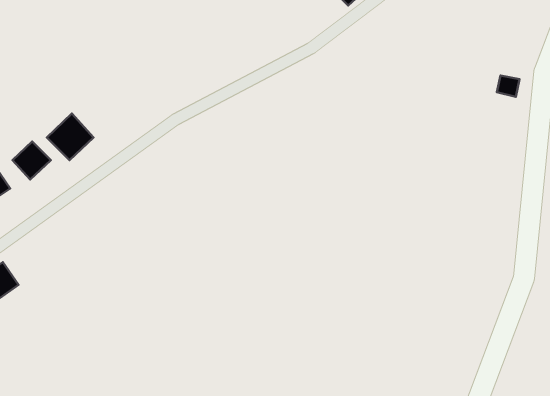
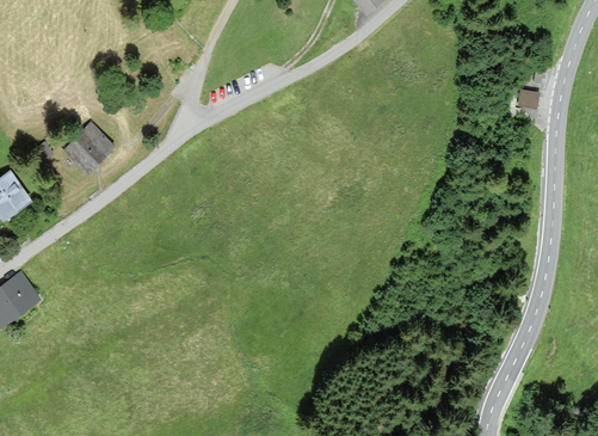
building: [13,142,51,180] -> none

